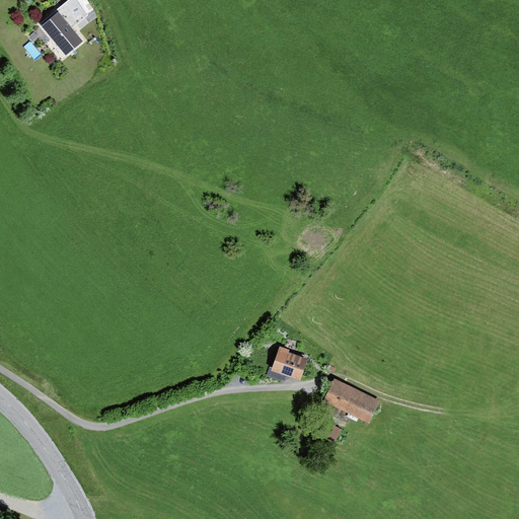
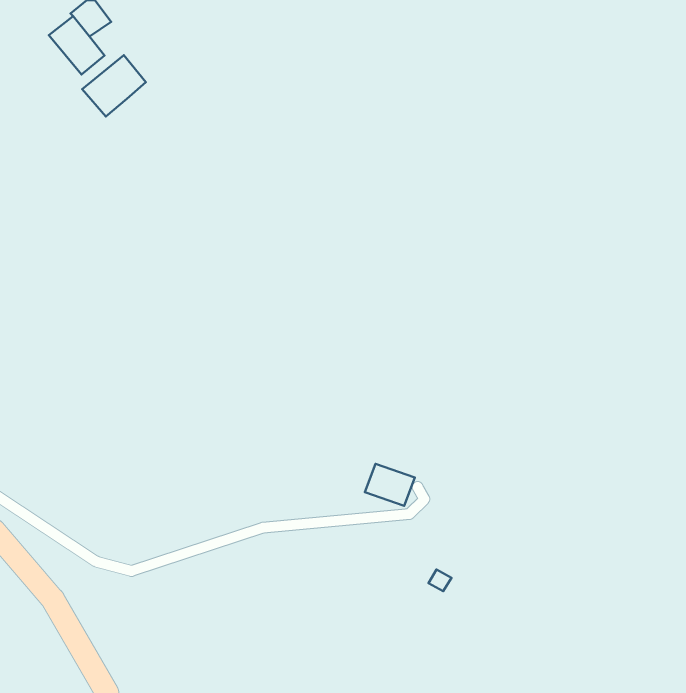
building: none -> [82,55,146,116]
building: [325,380,380,422] -> none

